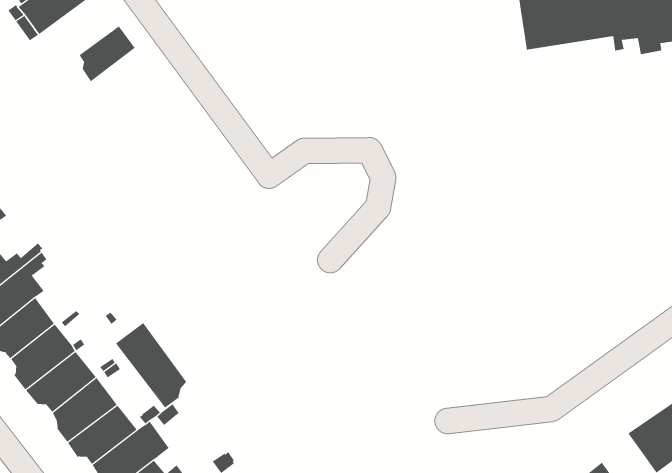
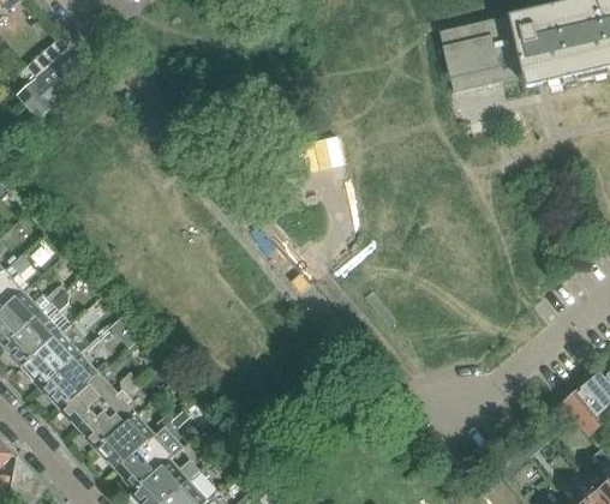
building: [79,25,135,82] -> none
building: [115,322,187,408] -> none

